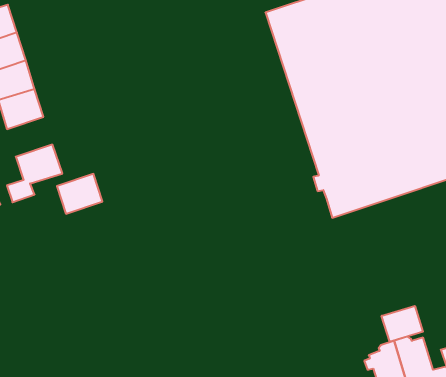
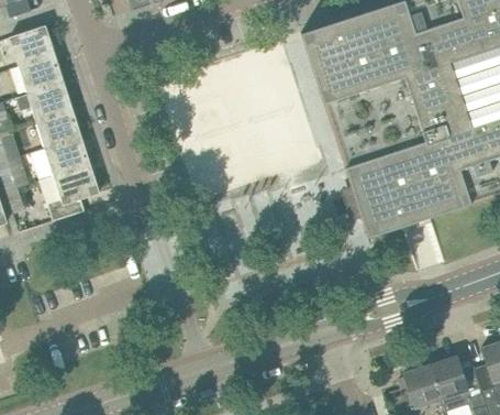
building: [57,174,102,214] -> [45,136,90,176]
building: [382,306,423,342] -> none

